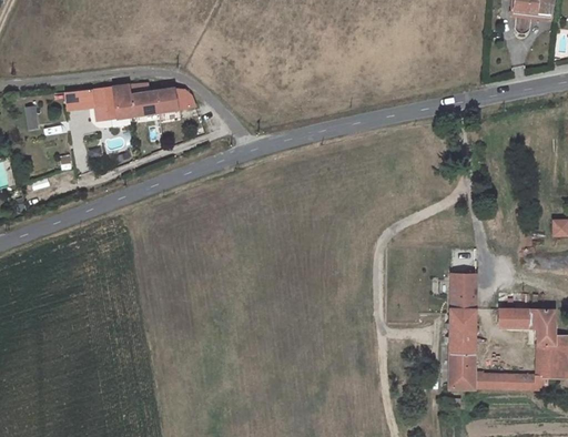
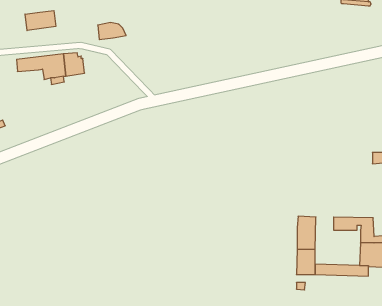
building: none -> [25,11,56,31]
building: [156,89,195,112] -> [98,23,126,40]
building: [452,274,477,309] -> none

